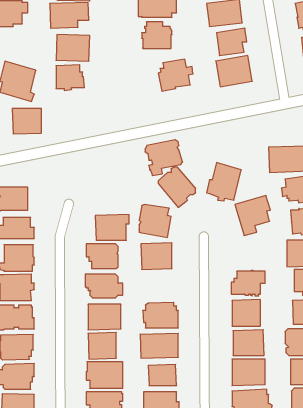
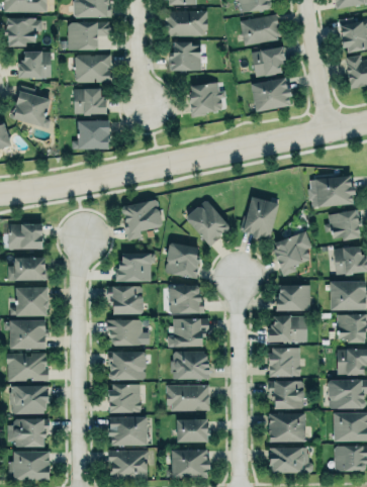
building: none -> [18,51,51,79]
building: [12,108,41,134] -> [77,121,109,150]
building: [145,140,183,176] -> [121,199,163,238]
building: none -> [276,285,309,310]
building: none -> [168,318,208,348]

